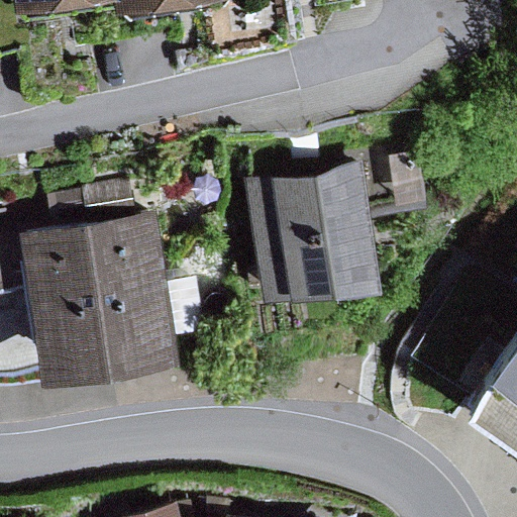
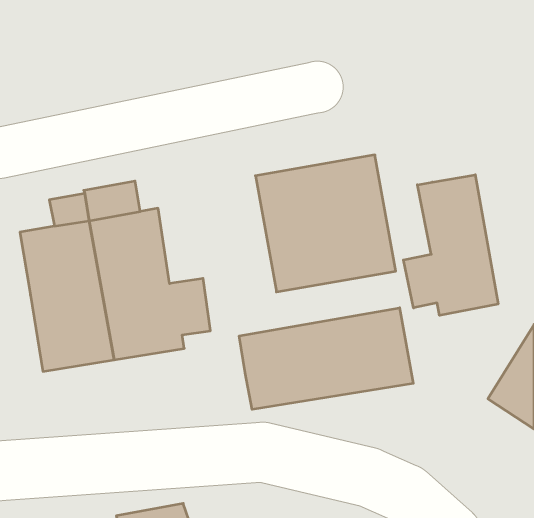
building: none -> [403,175,498,315]
building: none -> [239,308,413,409]

